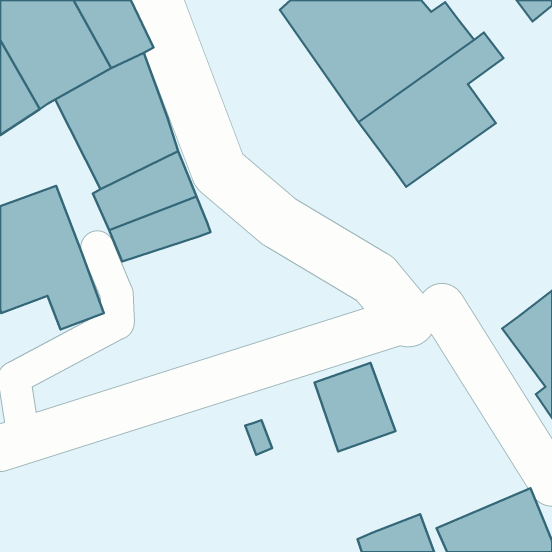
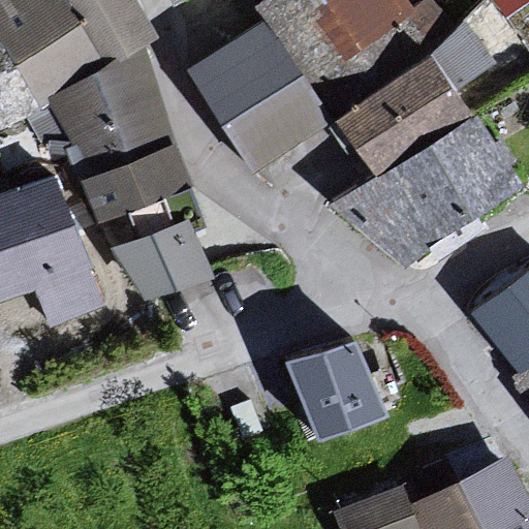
building: none -> [197,29,320,165]
building: none -> [350,118,514,255]
building: none -> [117,226,208,297]

